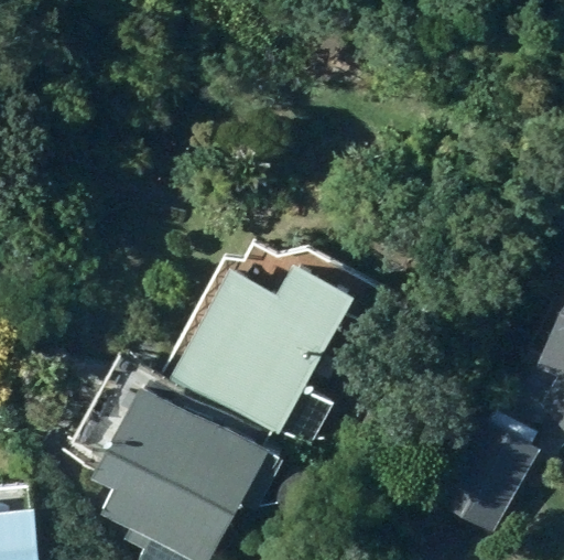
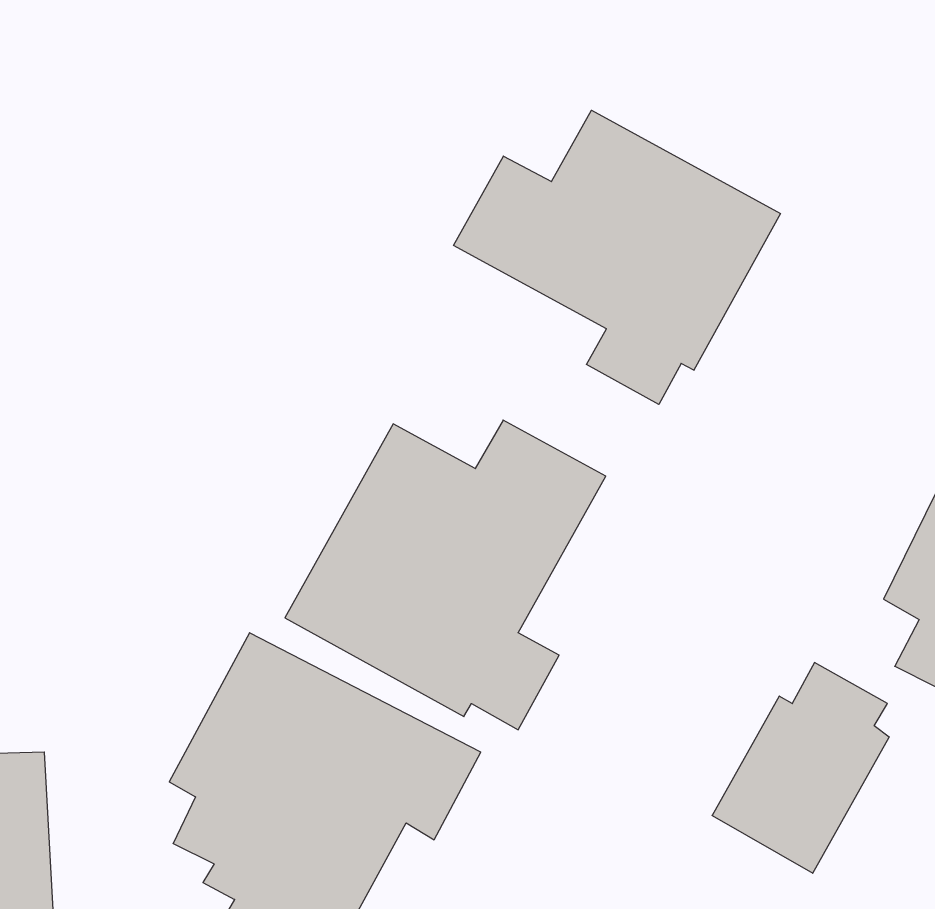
building: none -> [454,110,780,404]

